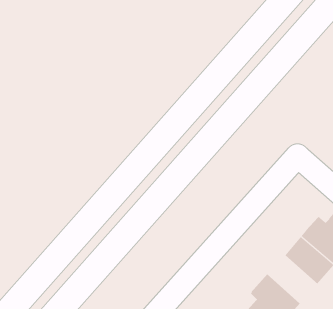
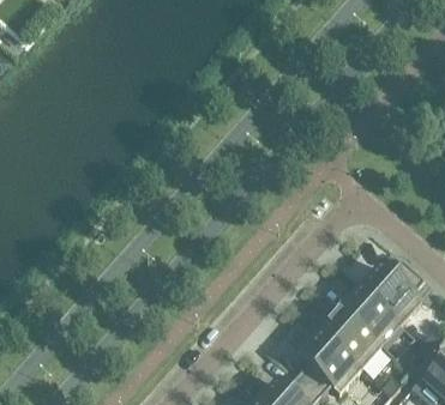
building: none -> [320,313,380,370]

